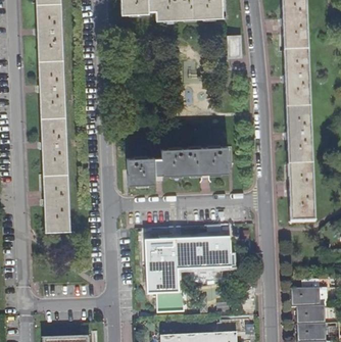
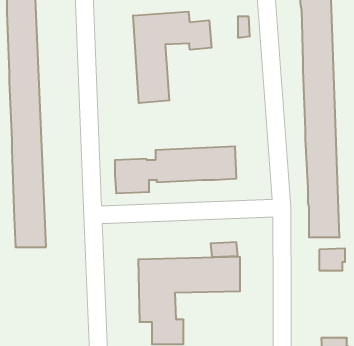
building: none -> [133,12,212,103]
building: [295,286,316,304] -> [319,248,345,270]

